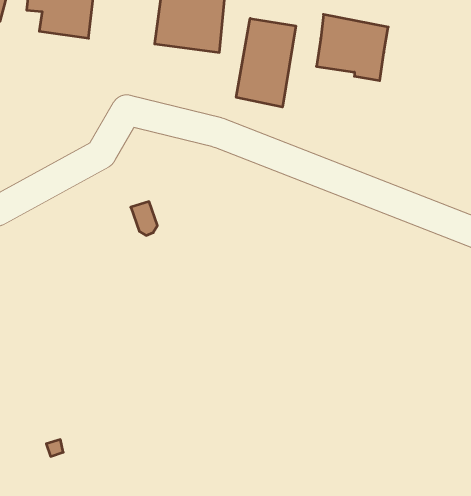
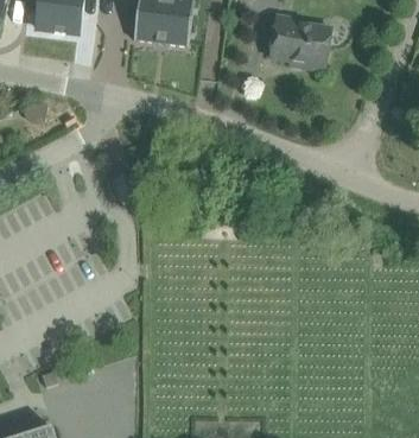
building: [236,18,296,107] -> none

